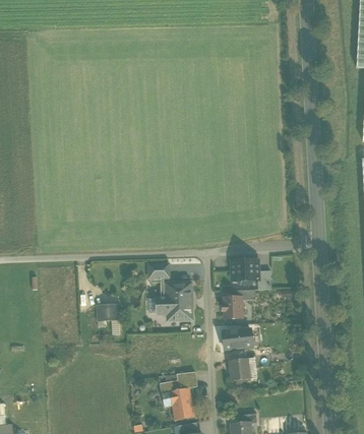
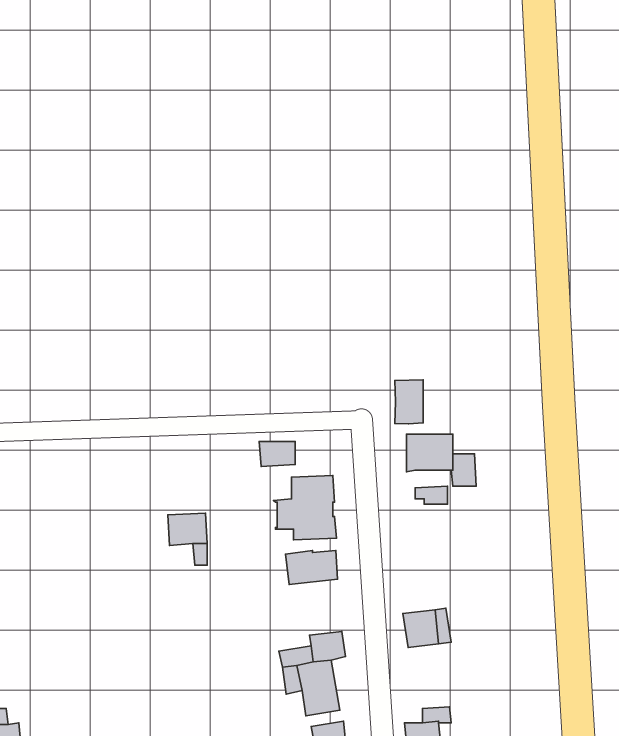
building: none -> [395,380,423,424]
building: [223,296,243,318] -> none
building: [223,329,252,349] -> [285,551,338,585]

